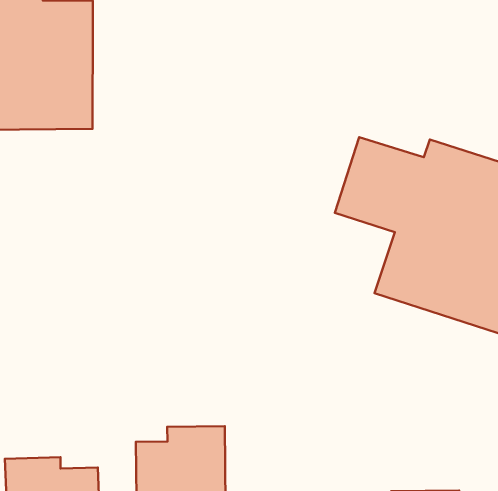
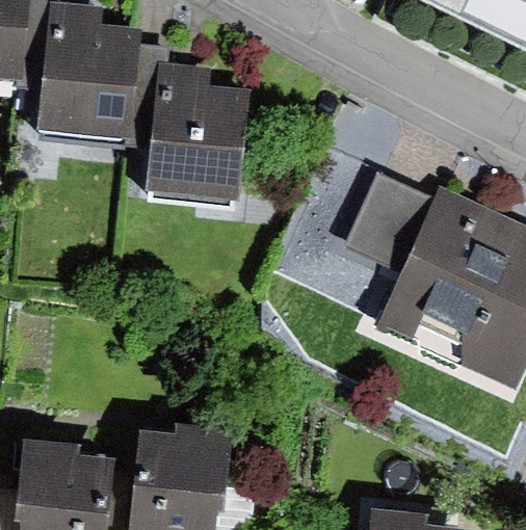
building: none -> [131,45,253,201]

